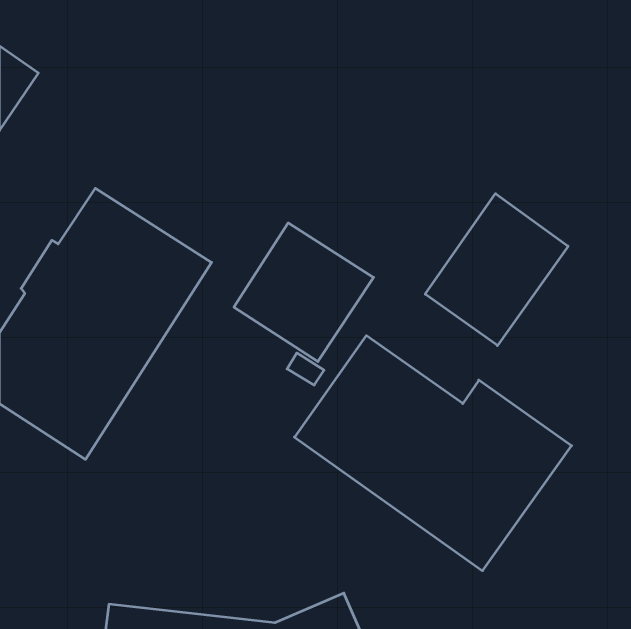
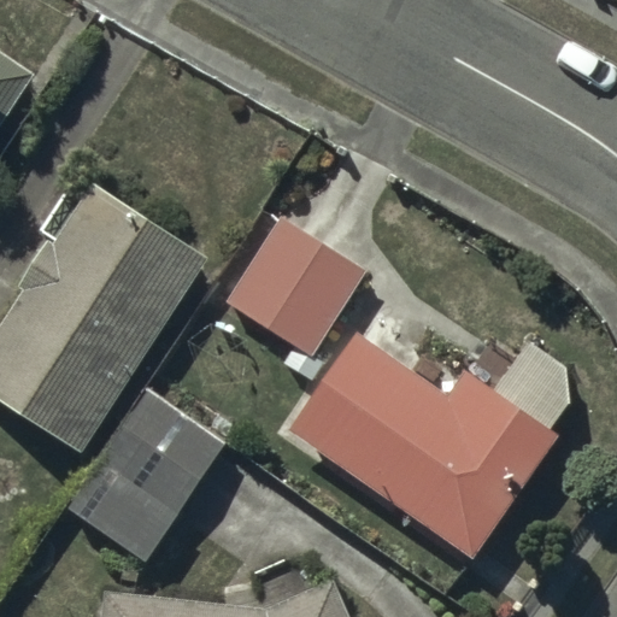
building: [425,194,568,346] -> none
building: none -> [67,393,222,559]

